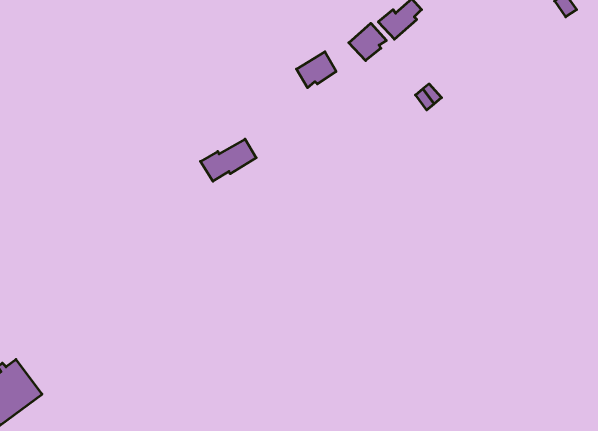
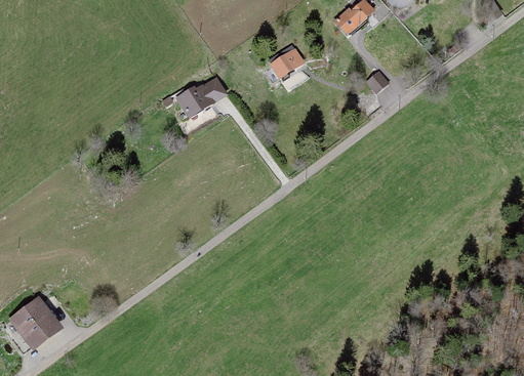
building: [349,23,386,61] -> none
building: [200,139,256,181] -> [179,80,226,115]

